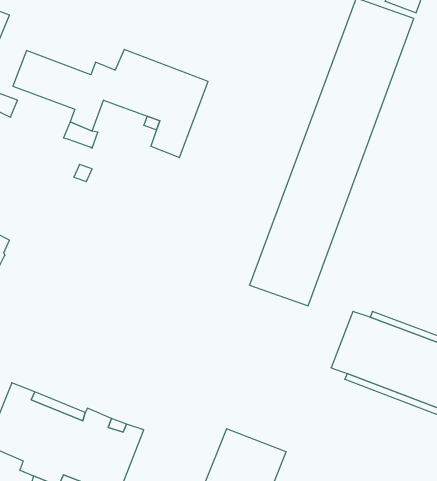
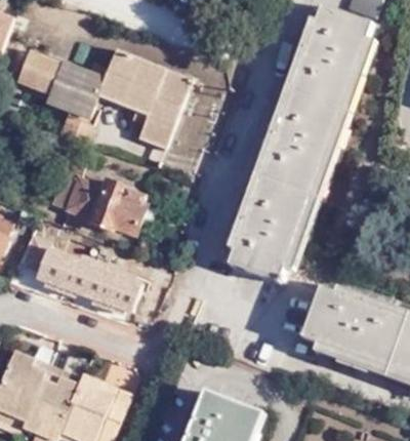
building: none -> [52,170,147,231]
building: none -> [23,235,149,313]

